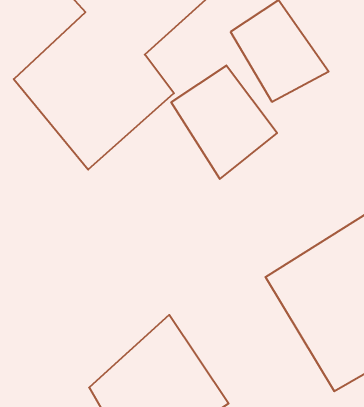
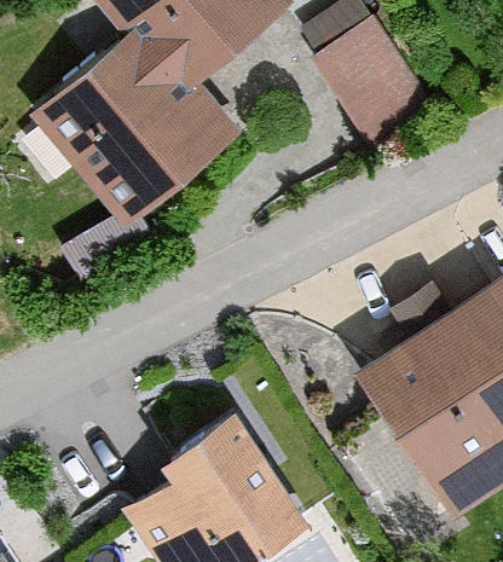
building: [171,65,277,179] -> none

